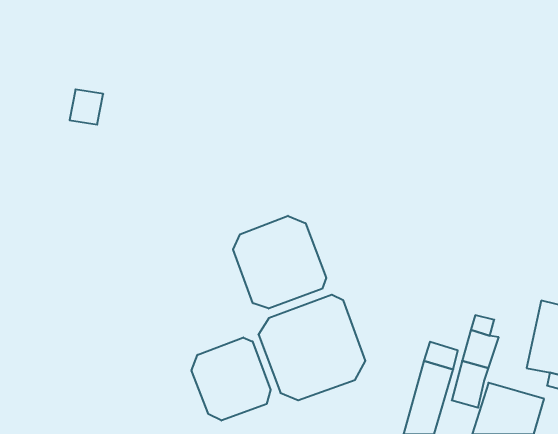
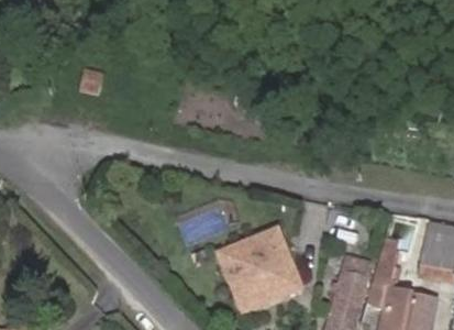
building: [233,216,326,309] -> none
building: [192,337,271,421] -> none

